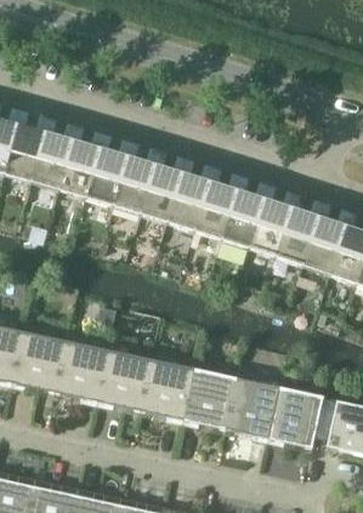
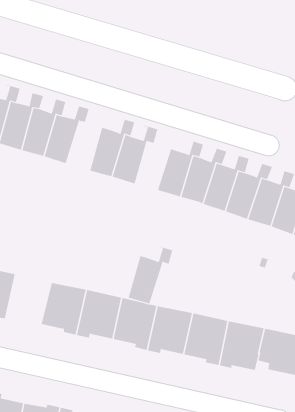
building: [84,136,140,207] -> none
building: [166,161,221,230] -> [128,246,173,304]
building: [11,331,66,391] -> none

